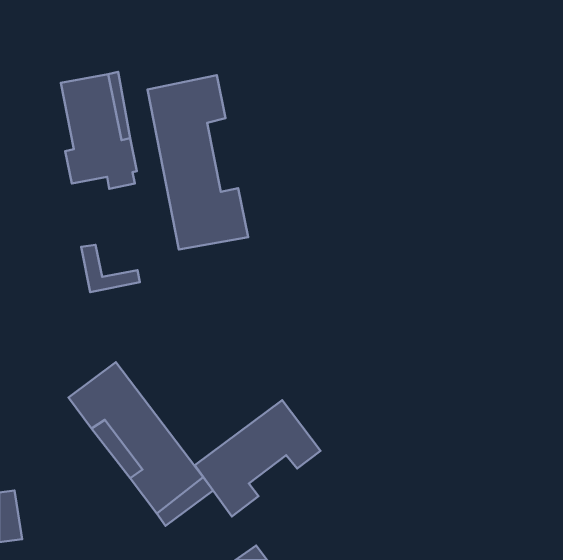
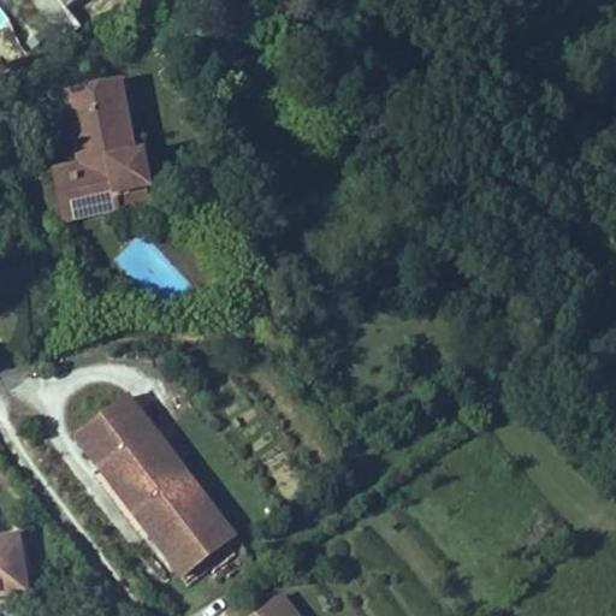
building: [148,75,248,250] -> none
building: [81,245,140,292] -> [55,165,119,217]
building: [195,400,320,516] -> none

